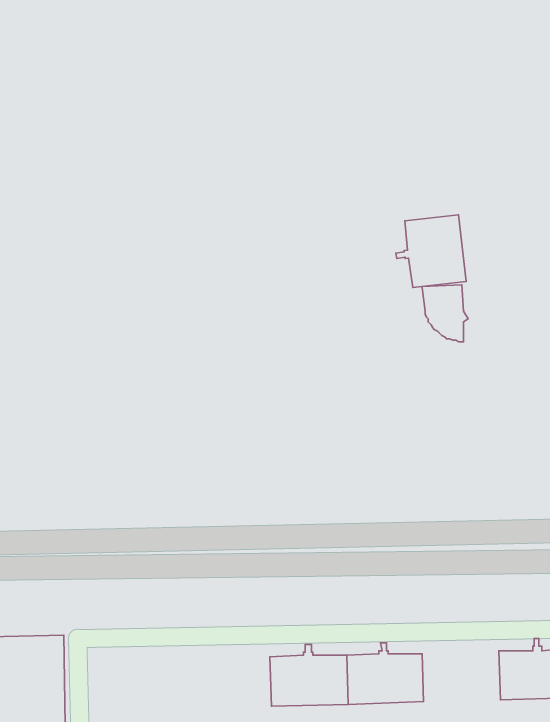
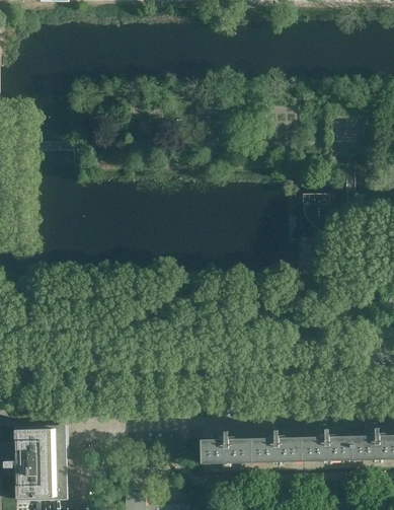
building: [396,215,466,287] -> none
building: none -> [301,426,352,466]

